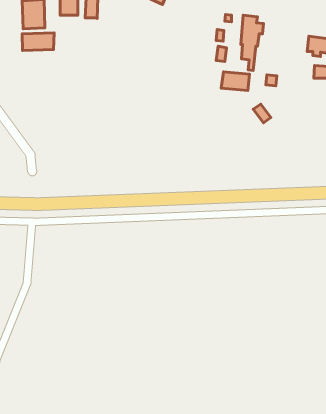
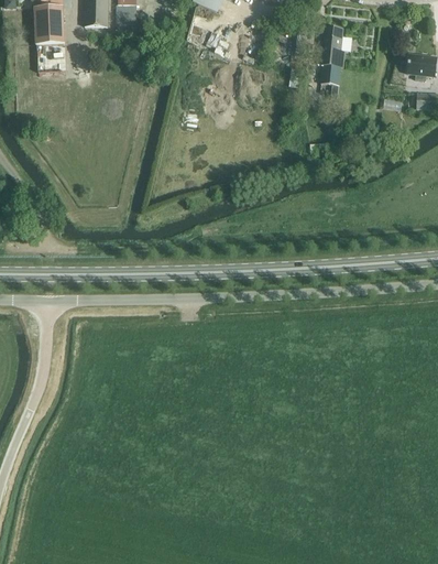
building: [22,33,54,51] -> none
building: [221,72,249,90] -> none

